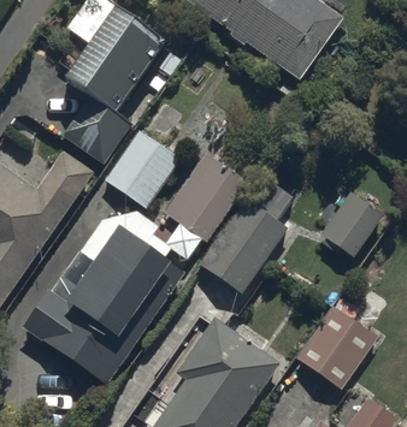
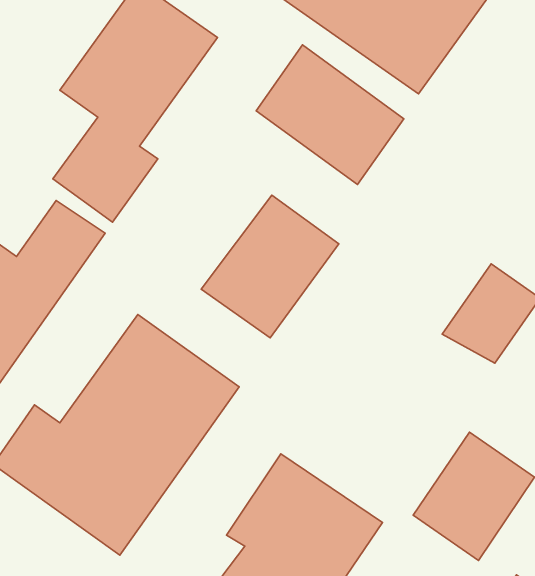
building: none -> [256,45,404,185]
building: [106,129,179,204] -> none
building: [199,196,289,292] -> none

